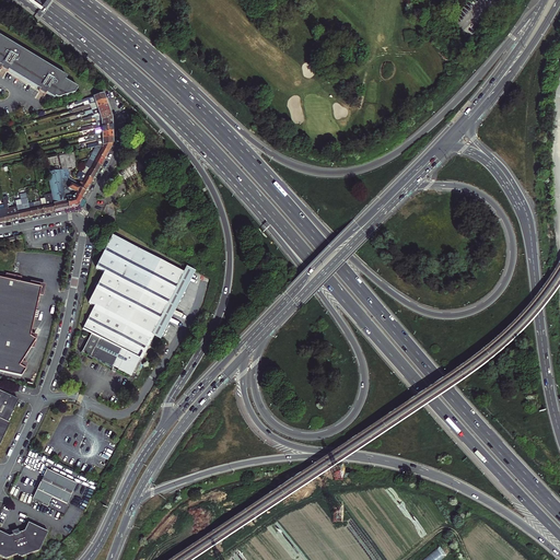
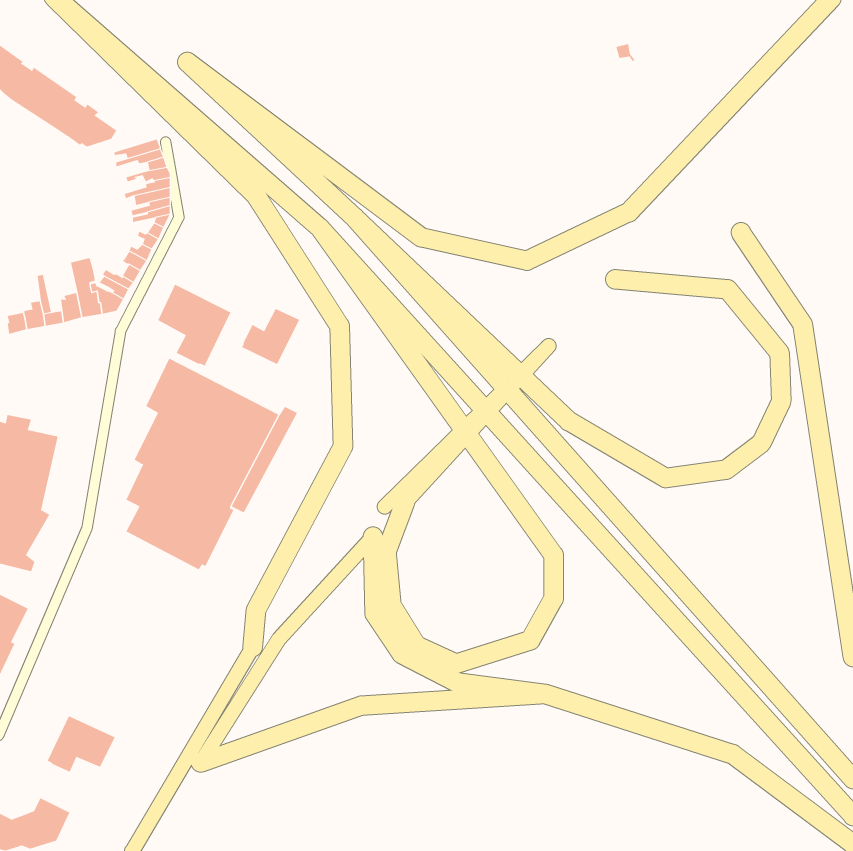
building: none -> [158,284,231,367]
building: none -> [241,308,300,365]

